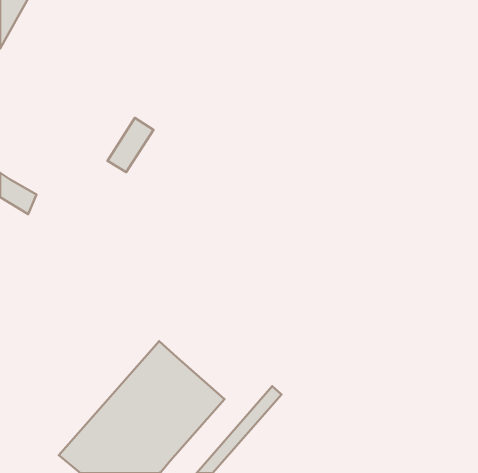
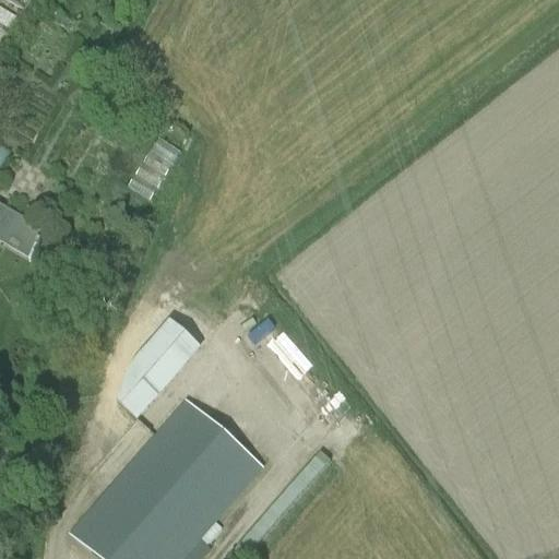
building: none -> [115,324,198,423]

